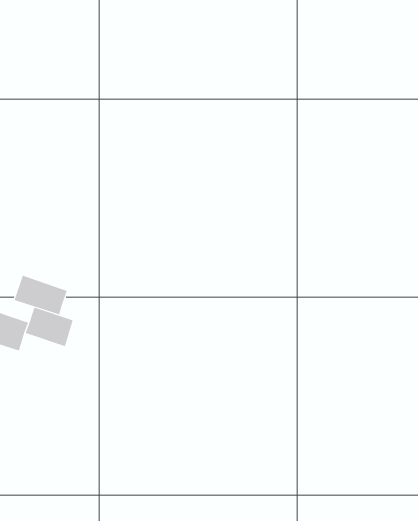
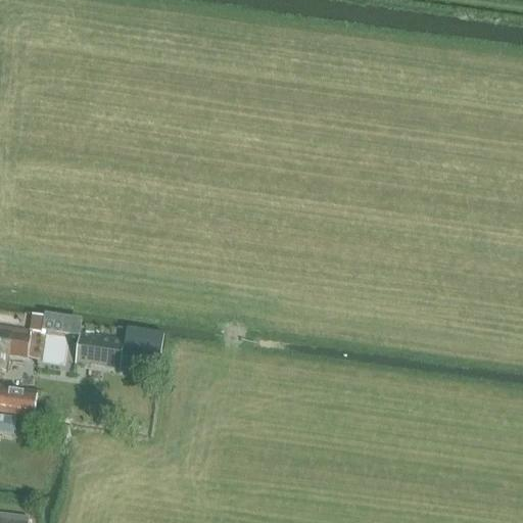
building: [14,275,68,315] -> none

